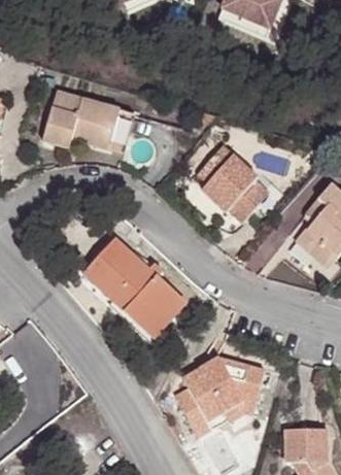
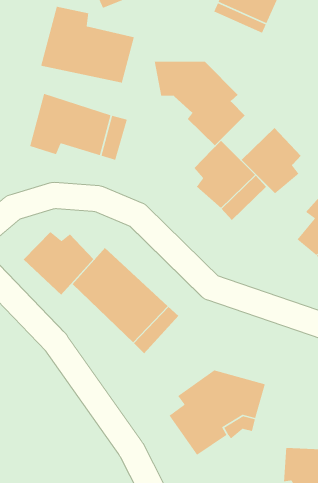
building: none -> [40,6,135,84]
building: none -> [154,61,245,146]
building: none -> [241,127,301,194]
building: none -> [23,231,94,295]

